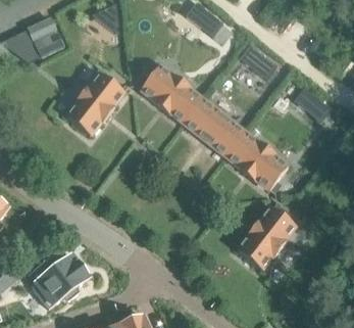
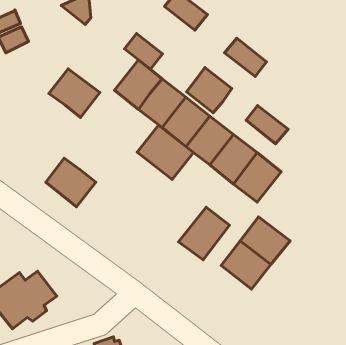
building: none -> [124,33,162,69]
building: none -> [186,68,232,113]
building: [294,87,332,122] -> [246,105,288,144]
building: [64,94,109,138] -> [46,158,96,207]
building: none -> [137,125,193,180]
building: none -> [179,207,230,260]

